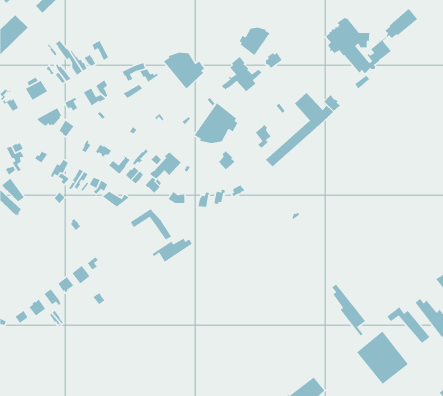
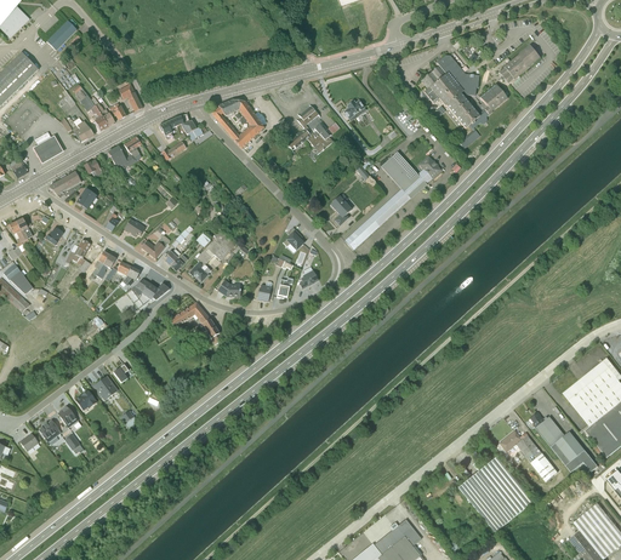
building: [238,27,271,56] -> none
building: [193,102,239,144] -> none
building: [151,238,193,263] -> none
building: [331,284,366,336] -> none

